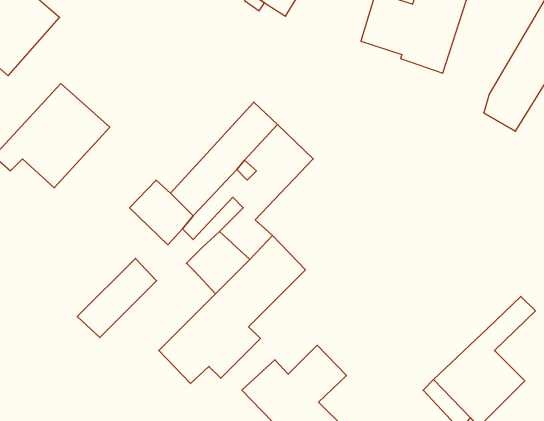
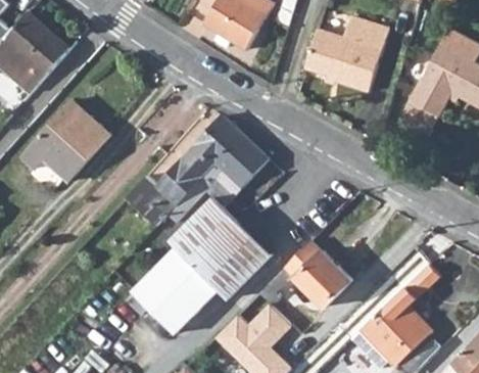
building: [77,258,157,338] -> [131,245,192,307]
building: none -> [284,239,350,307]

